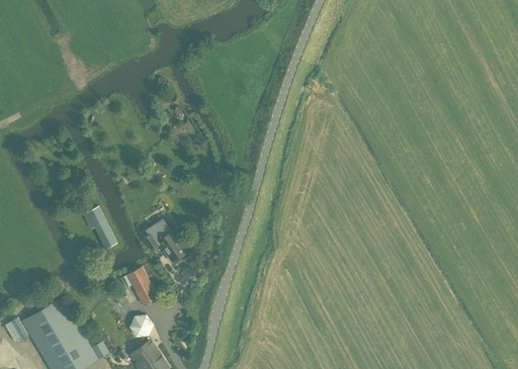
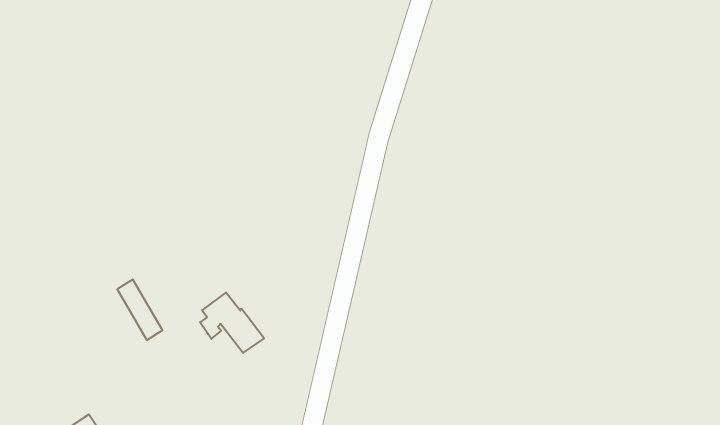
building: [127,267,158,304] -> none

